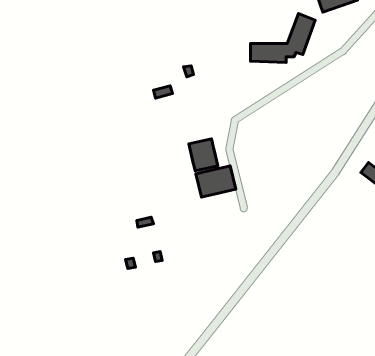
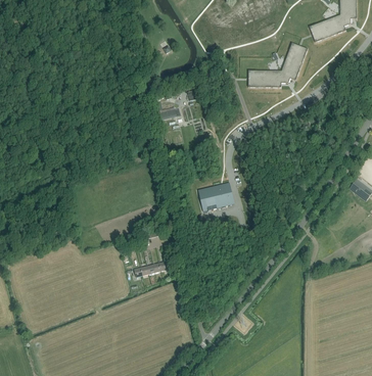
building: [189,139,218,171] -> none

